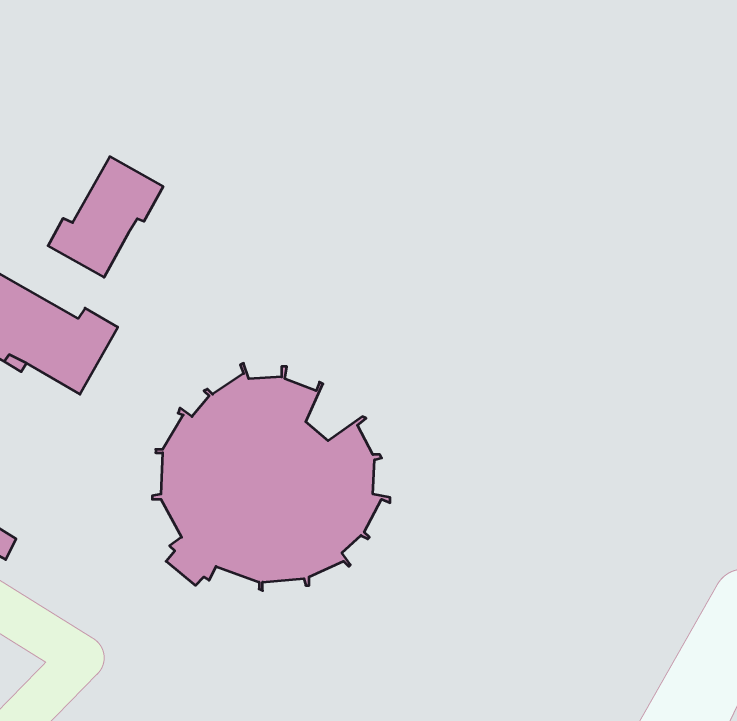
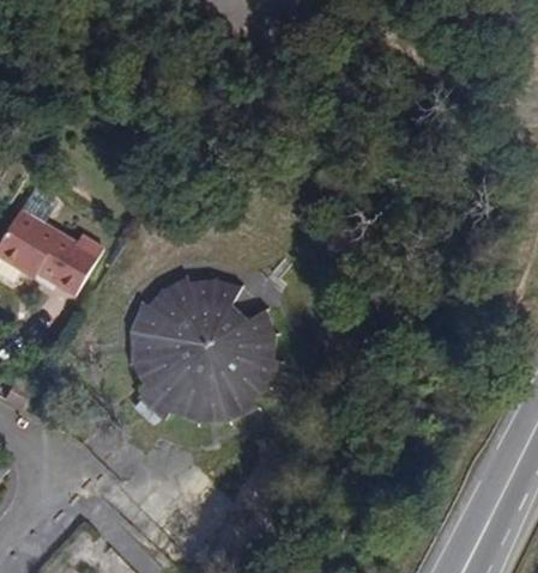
building: [48,157,163,277] -> none

